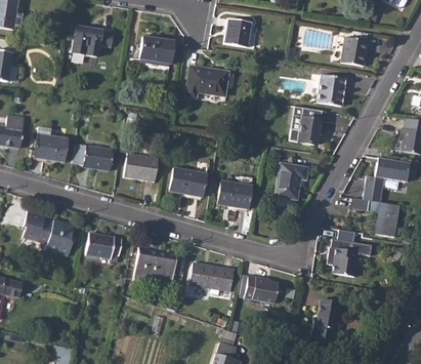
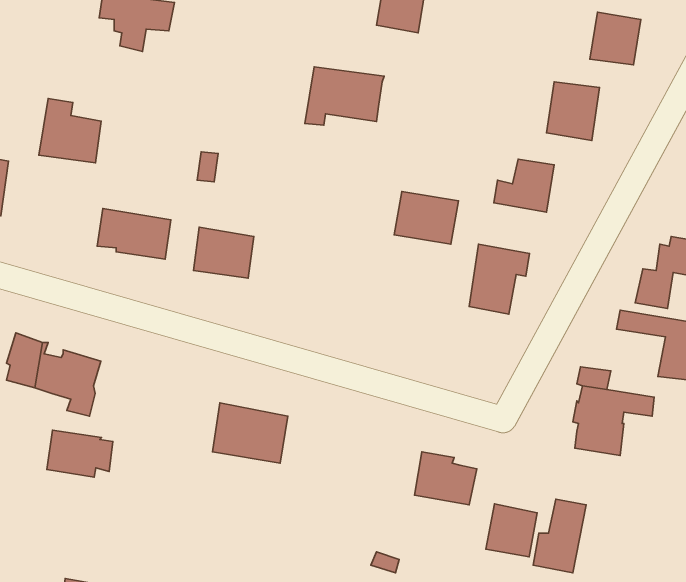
building: [139,36,174,64] -> none
building: [34,126,68,161] -> [39,99,101,163]
building: [170,167,206,197] -> none
building: [217,180,252,209] -> [394,191,458,244]
building: [86,233,122,258] -> [47,430,113,477]
building: [190,262,234,291] -> none
building: none -> [486,504,537,557]

